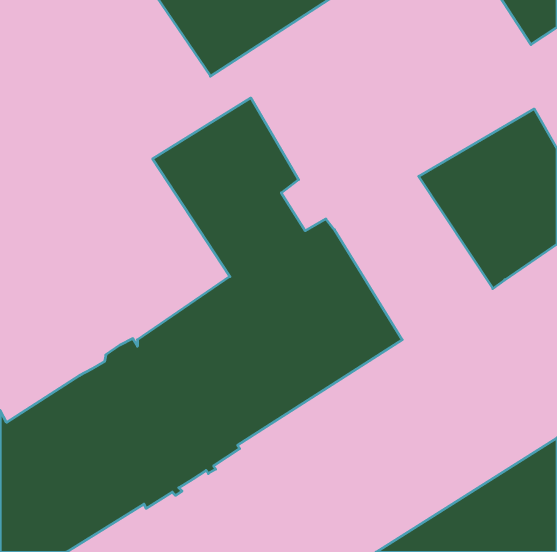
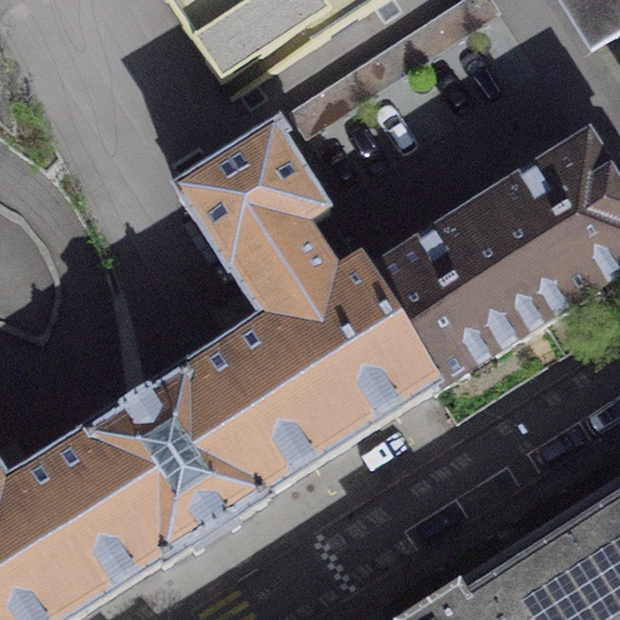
building: none -> [372,196,547,390]

